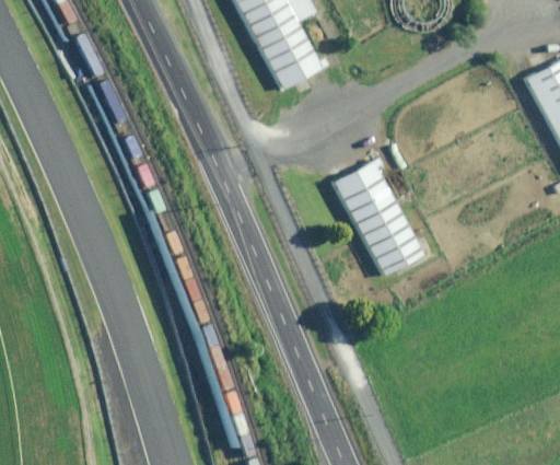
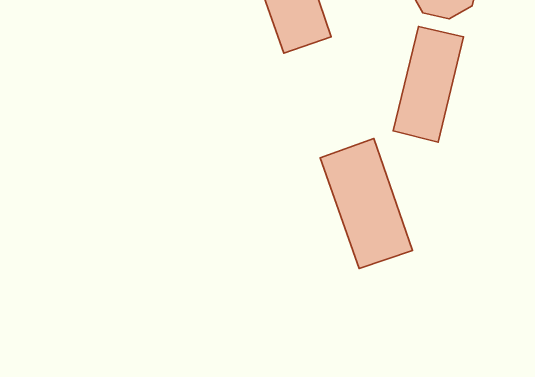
building: none -> [393,26,463,142]

